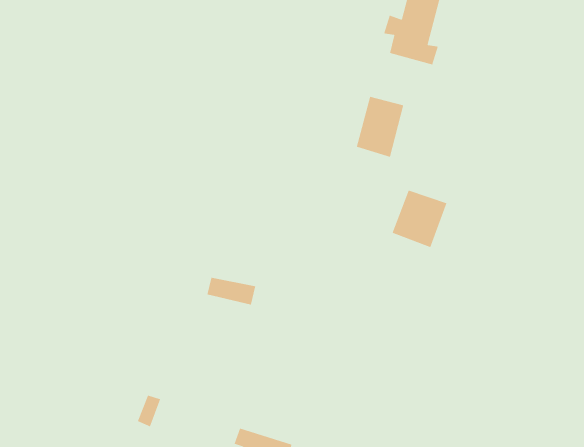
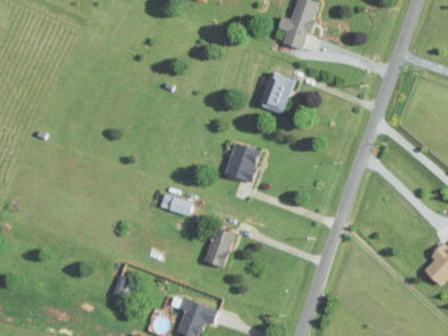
building: [392,189,448,248] -> [224,143,262,183]
building: none -> [203,227,234,268]

